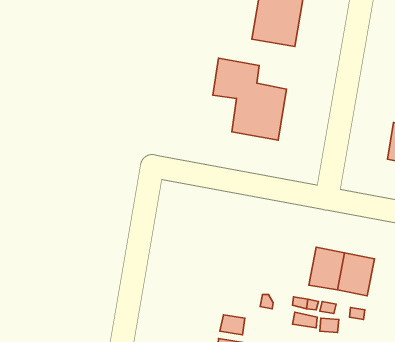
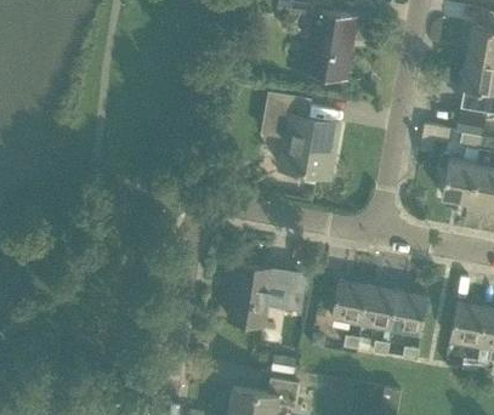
building: none -> [229,265,302,325]
building: none -> [331,282,369,325]

